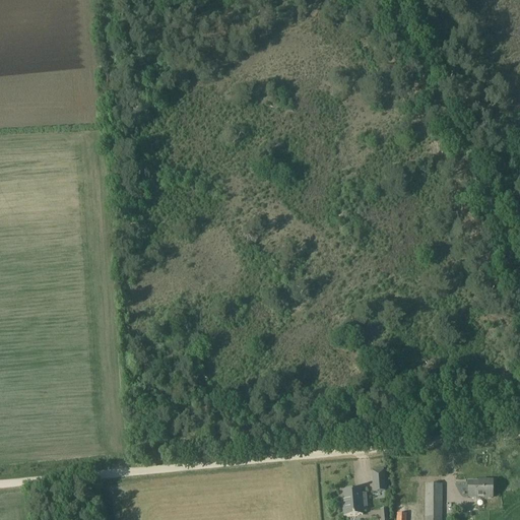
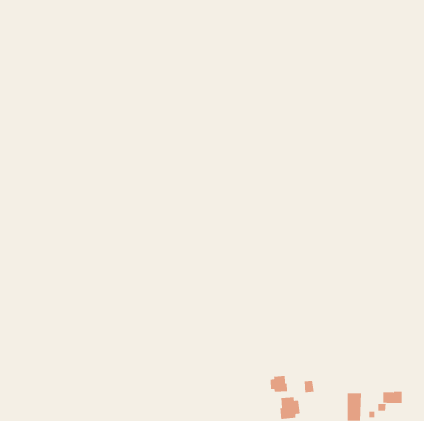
building: none -> [270,375,288,392]

